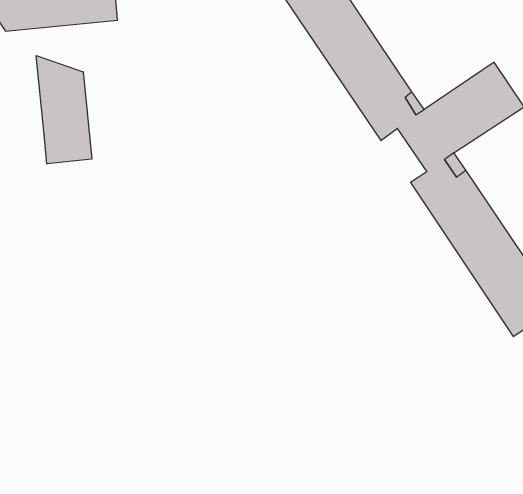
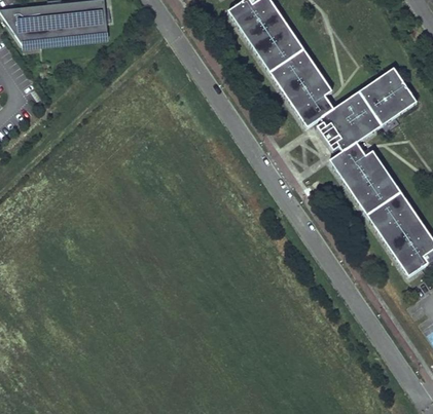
building: [36,56,92,164] -> none

